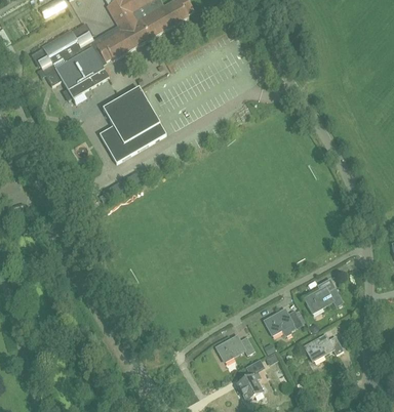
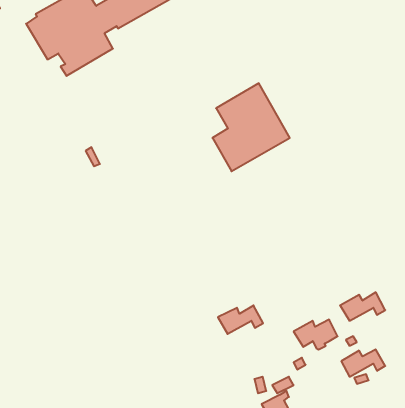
building: [98,85,165,161] -> [212,83,290,171]
building: [215,334,254,359] -> [218,305,263,334]

